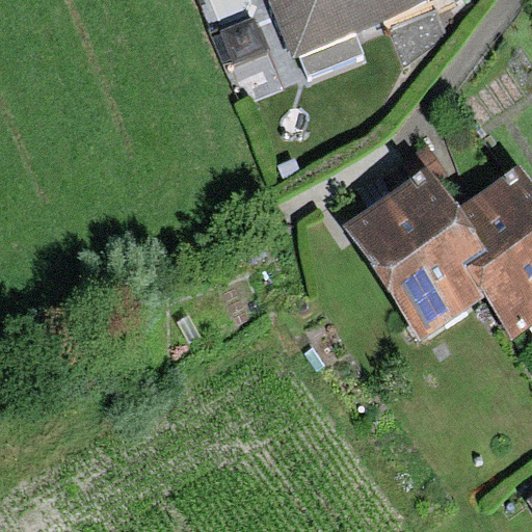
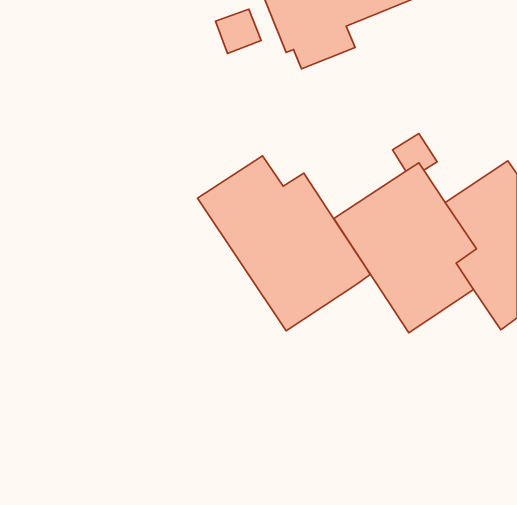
building: none -> [198,156,370,331]

